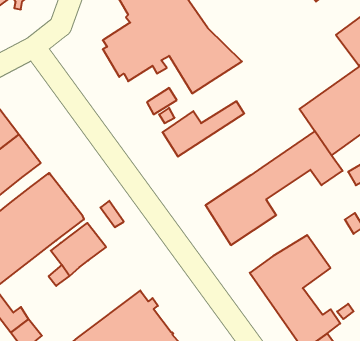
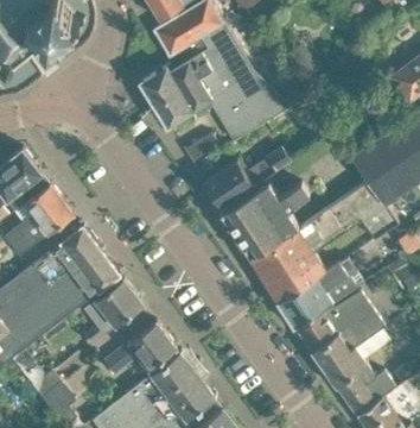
building: none -> [219,182,308,260]
building: none -> [278,258,363,328]
building: none -> [102,322,177,374]

